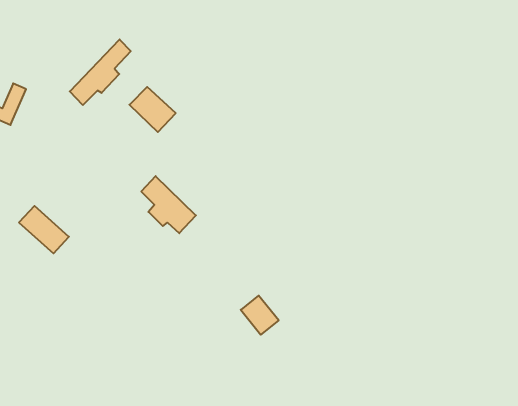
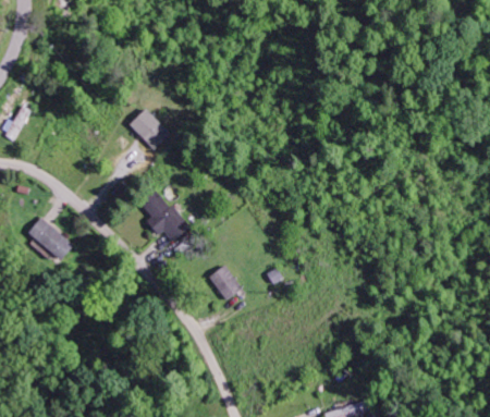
building: [70,39,131,105] -> none
building: [241,296,279,335] -> [209,265,244,301]

